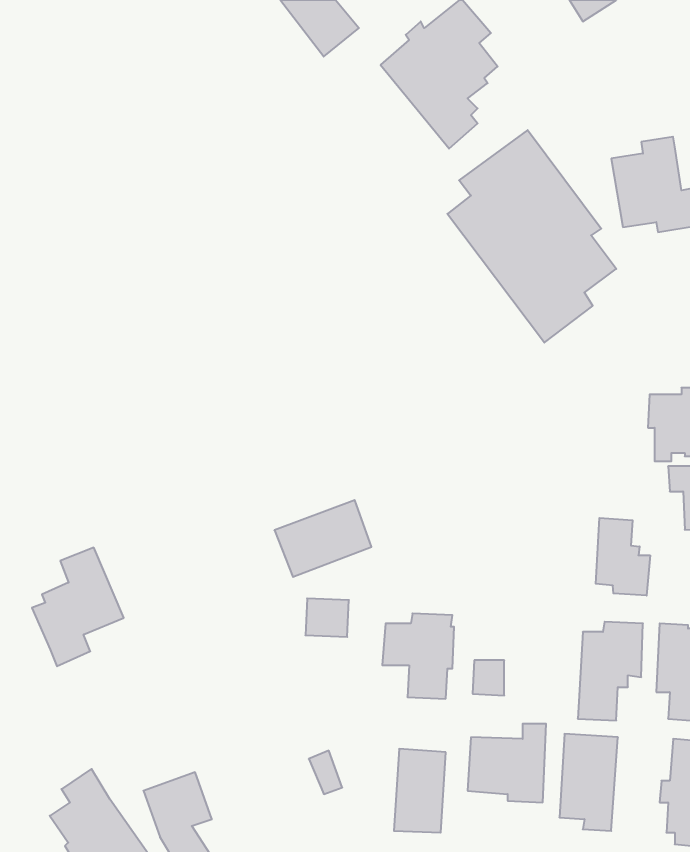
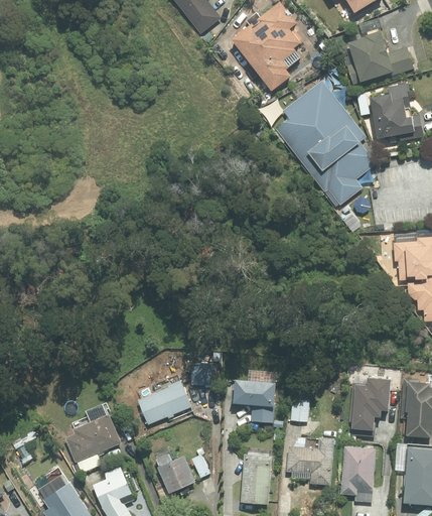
building: none -> [345,17,411,85]
building: [274,500,371,577] -> [132,378,190,424]
building: [596,518,650,596] -> none
building: [32,548,124,666] -> [64,401,120,473]
building: none -> [154,452,195,492]

